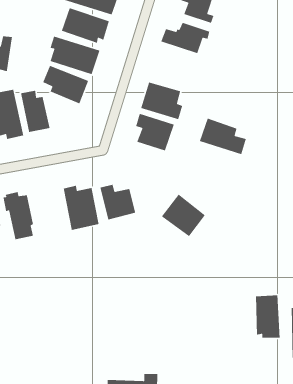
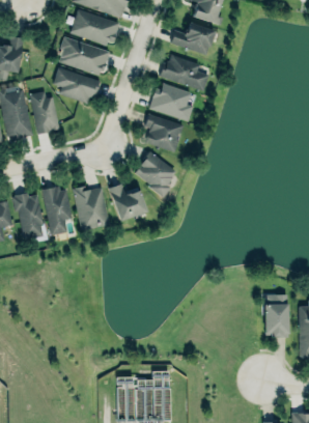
building: [199,118,247,155] -> [161,54,208,91]
building: none -> [41,187,73,235]
building: [161,193,206,237] -> [133,151,177,195]

